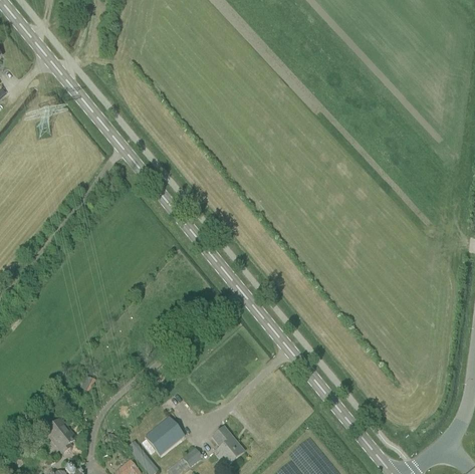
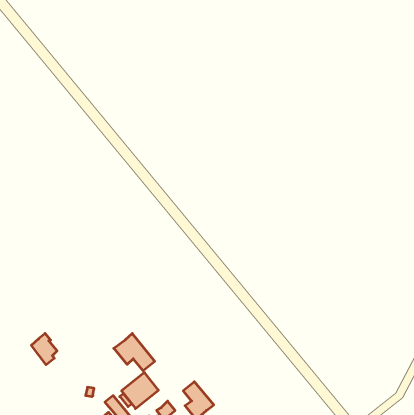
building: none -> [114,333,155,371]
building: [47,420,75,454] -> [31,333,57,365]

